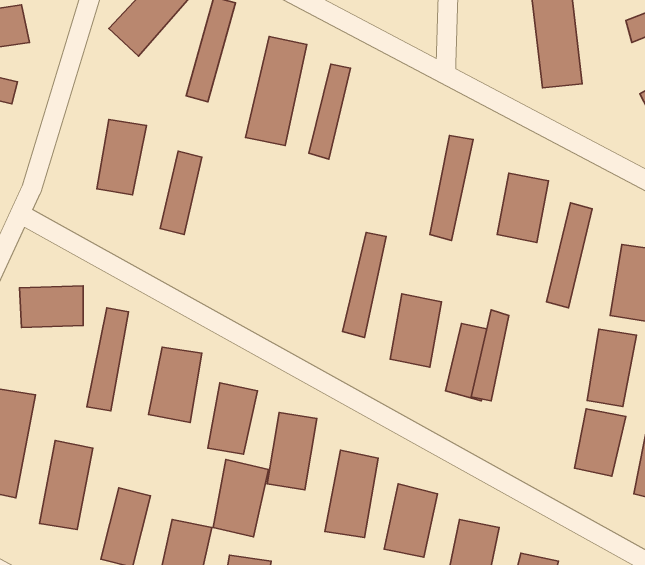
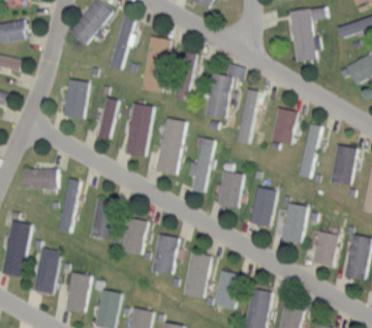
building: none -> [205,72,234,119]
building: none -> [125,103,153,157]
building: none -> [156,119,185,176]
building: [587,329,637,406] -> [282,203,308,243]
building: [213,459,269,537] -> none

